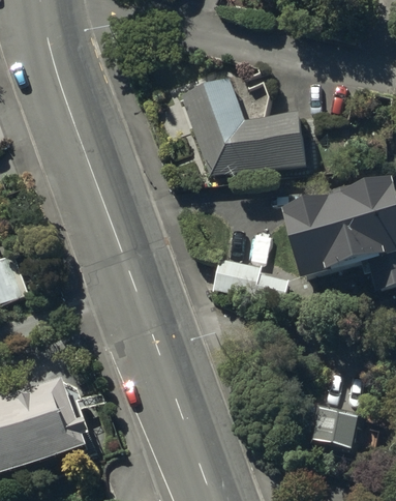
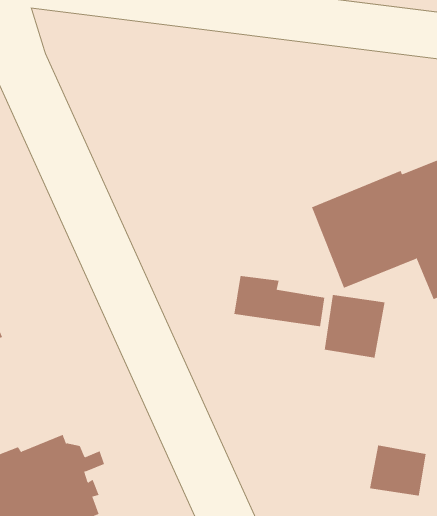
building: [177,77,302,176] -> none
building: none -> [324,294,385,359]

